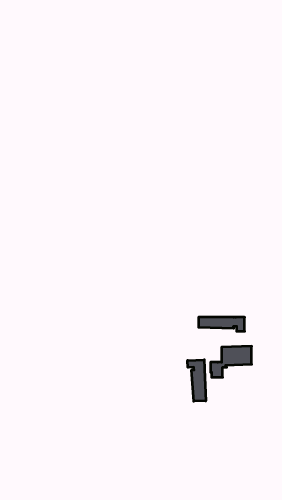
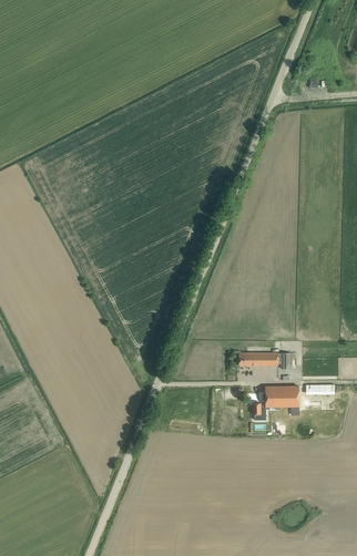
building: [188,360,206,401] -> none

